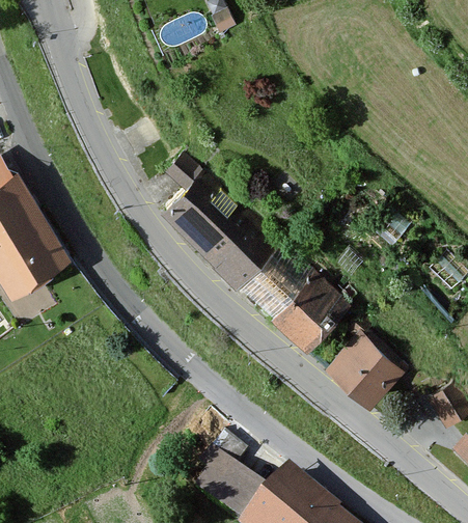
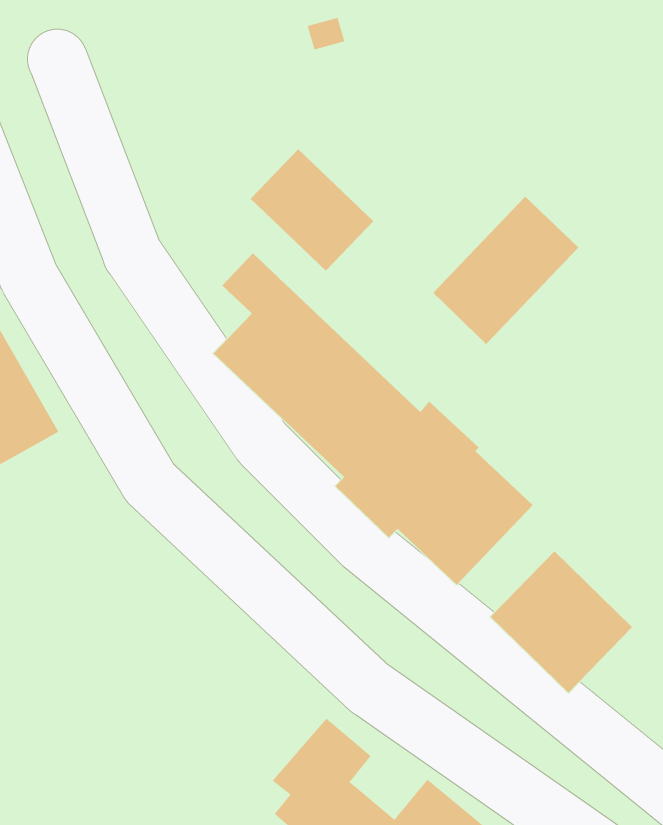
building: none -> [250,148,374,272]
building: none -> [432,196,579,345]

